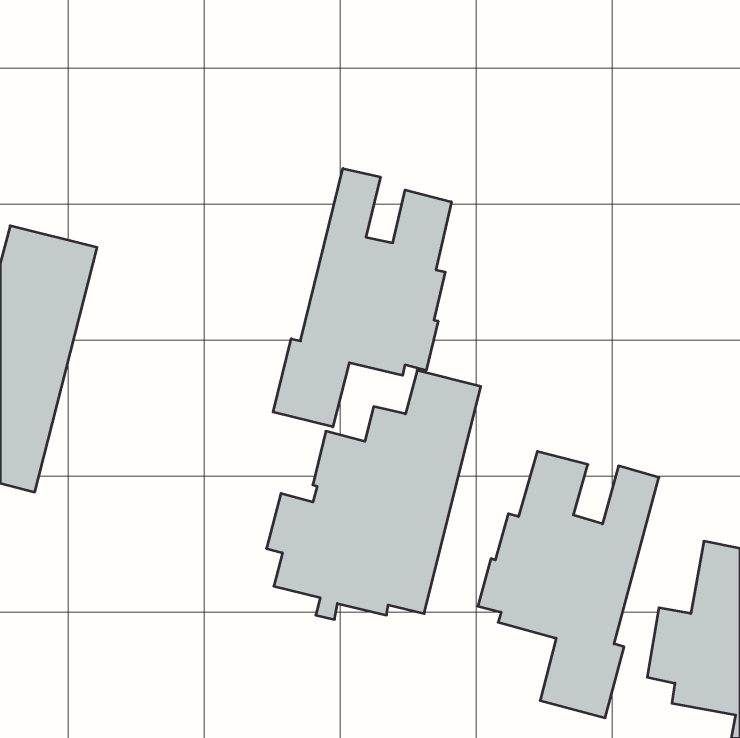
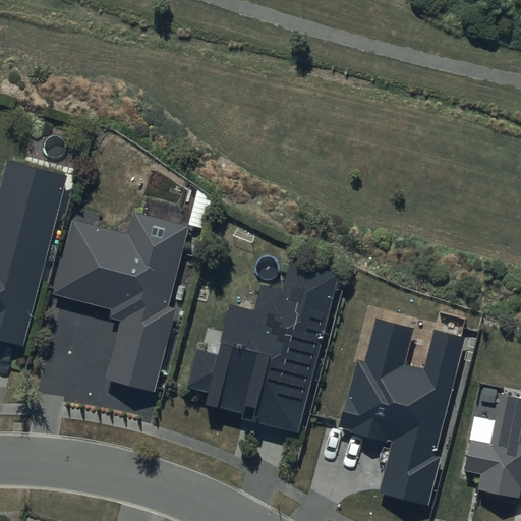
building: [273,168,451,427] -> none
building: none -> [57,212,189,392]

